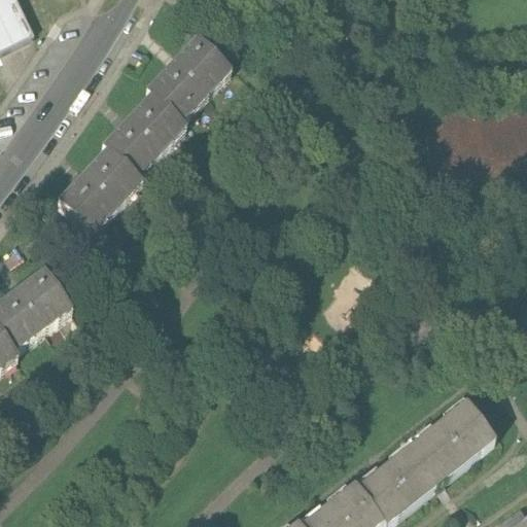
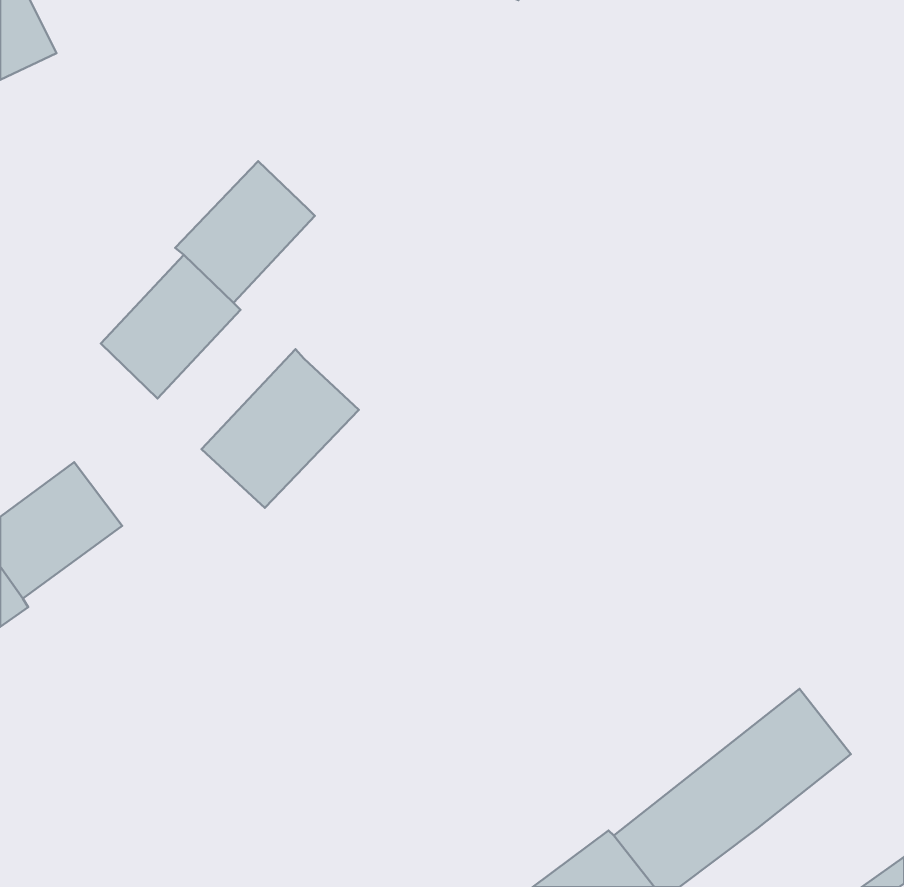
building: [146,38,229,121] -> none
building: none -> [202,349,359,508]

